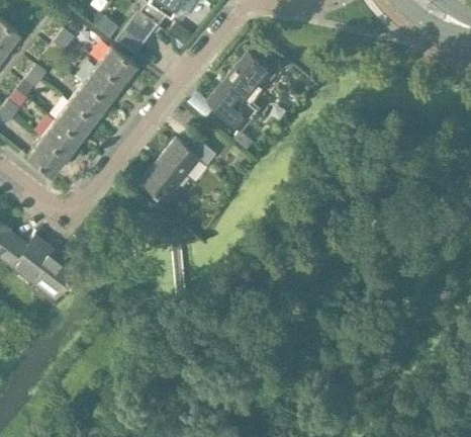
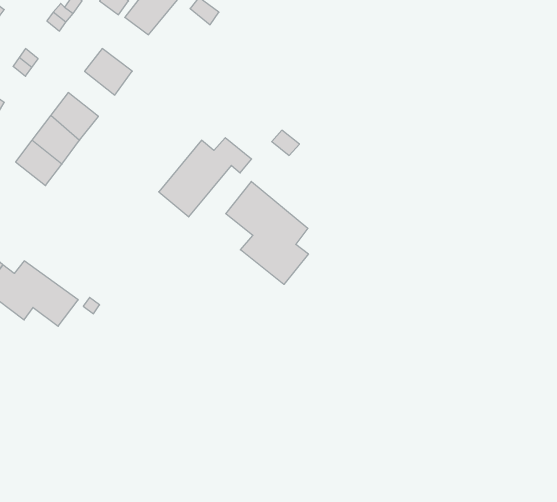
building: [97,48,135,84] -> none
building: [209,53,275,129] -> none
building: [70,84,107,120] -> none
building: none -> [226,181,308,284]

